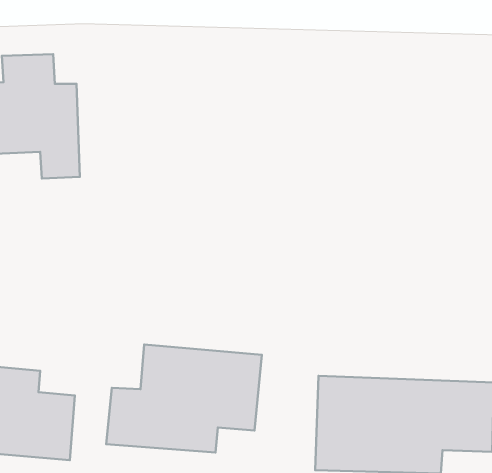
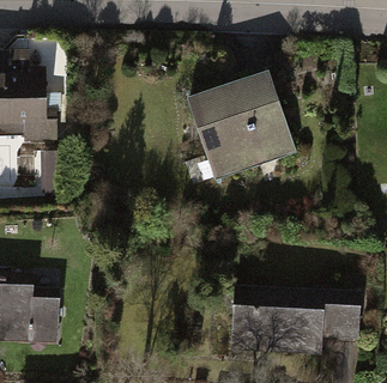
building: none -> [185,69,292,177]
building: [106,345,262,453] -> none

